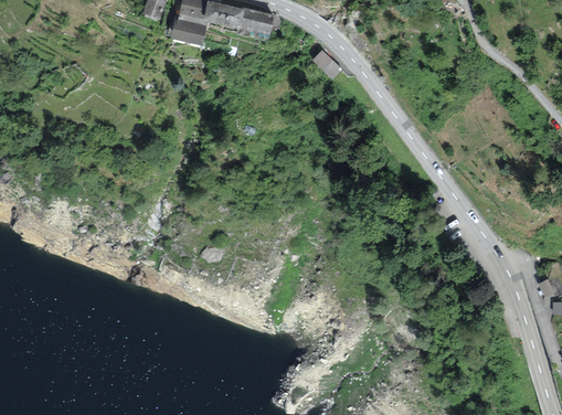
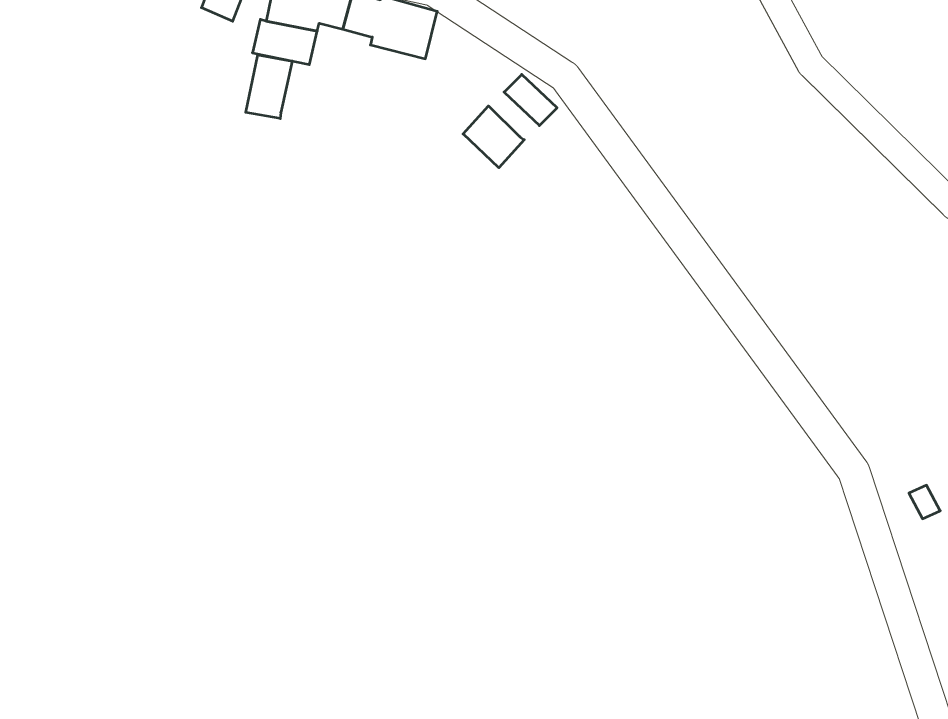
building: none -> [246,55,292,119]
building: none -> [463,106,524,168]

